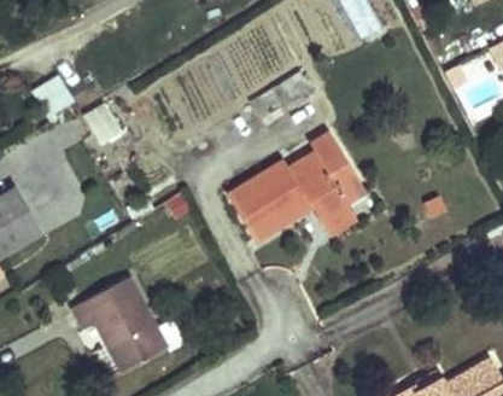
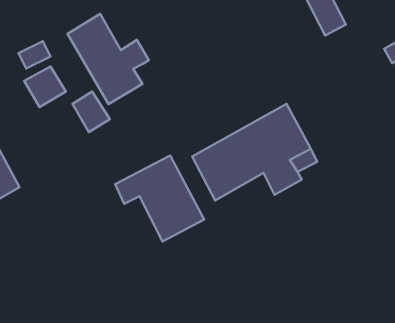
building: none -> [68,14,149,104]
building: [70,266,168,360] -> [115,156,204,241]

